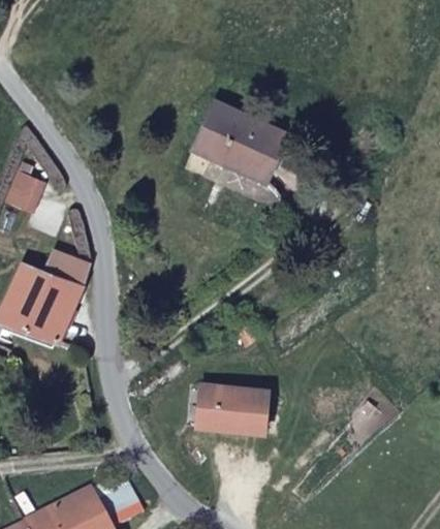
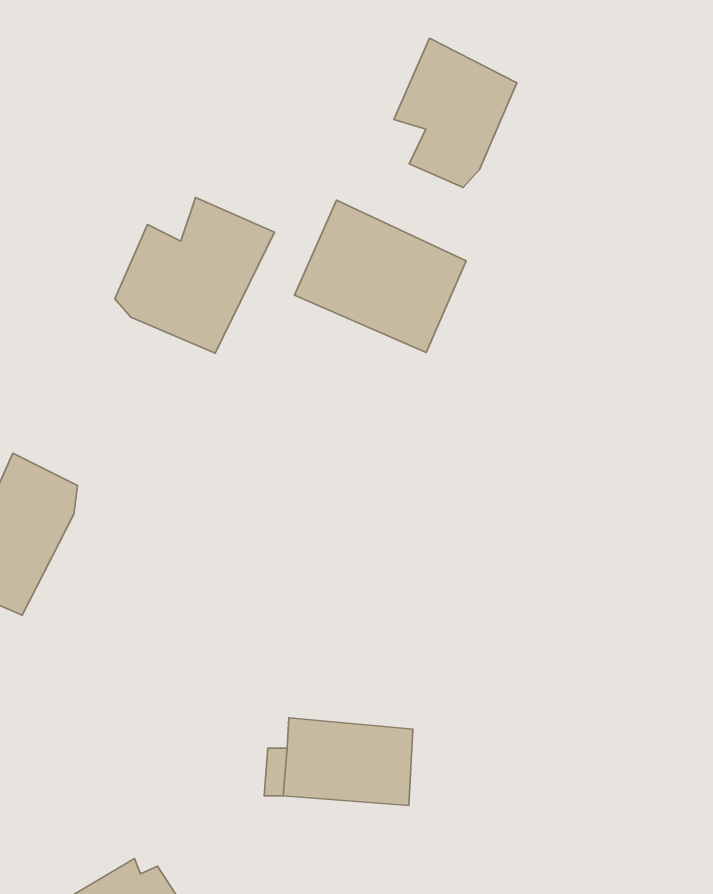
building: none -> [394,38,517,187]
building: none -> [115,198,274,353]

